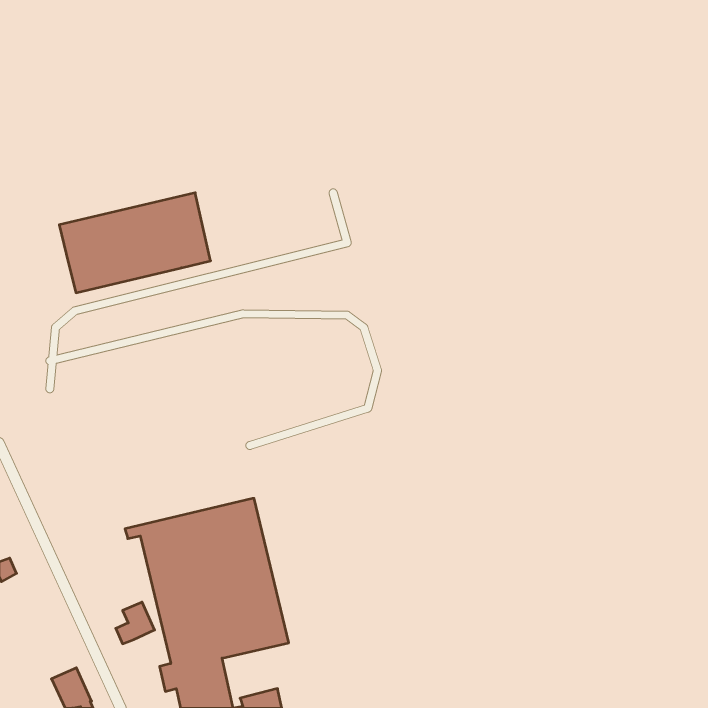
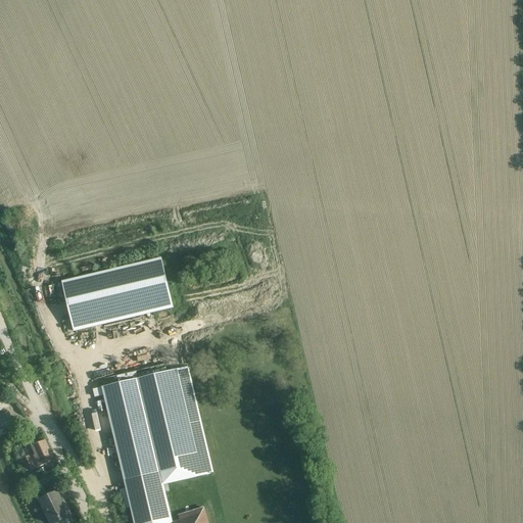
building: [59,193,211,293] -> [60,256,172,330]
building: [116,602,155,644] -> [25,439,53,470]

